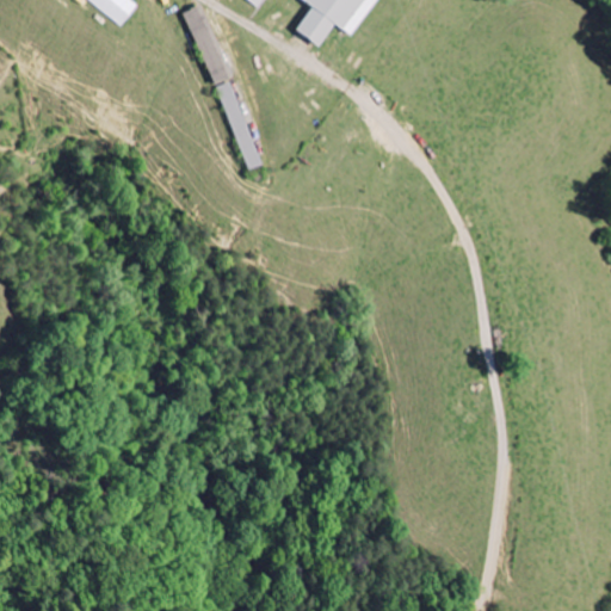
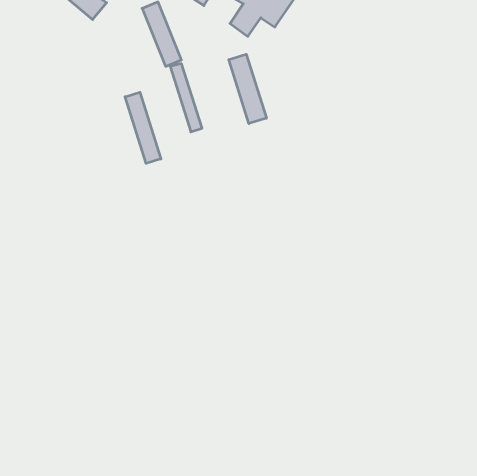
building: none -> [229,54,266,124]
building: none -> [125,92,161,163]

